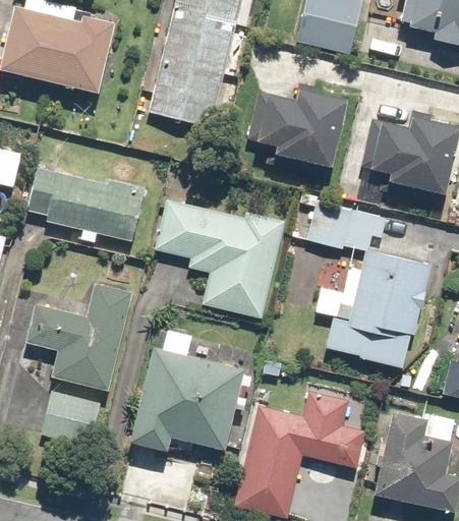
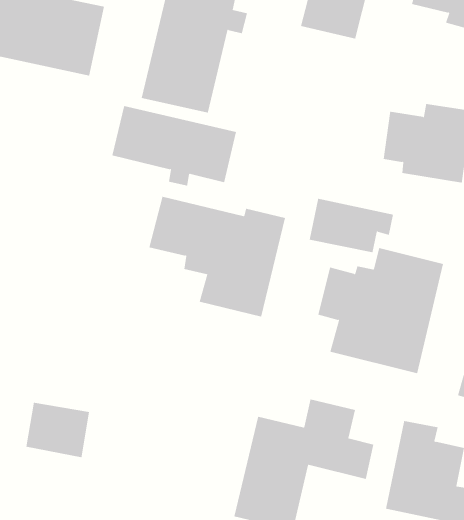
building: [261,86,348,165] -> none
building: [24,169,141,244] -> [111,106,237,186]
building: [30,284,130,392] -> none
building: [133,329,246,450] -> none

